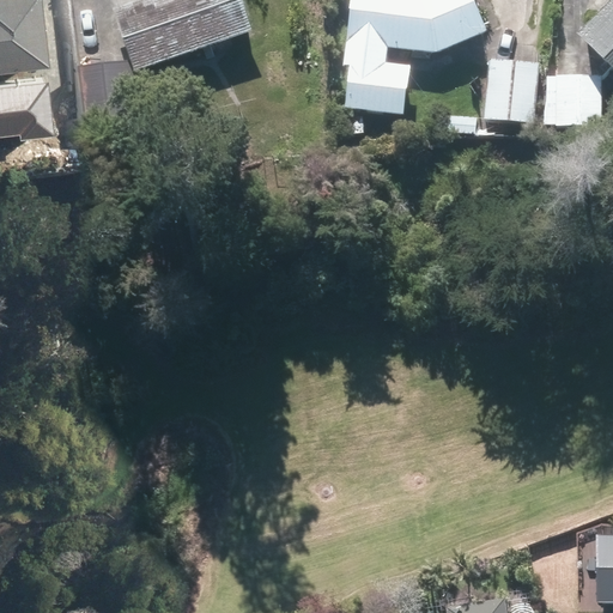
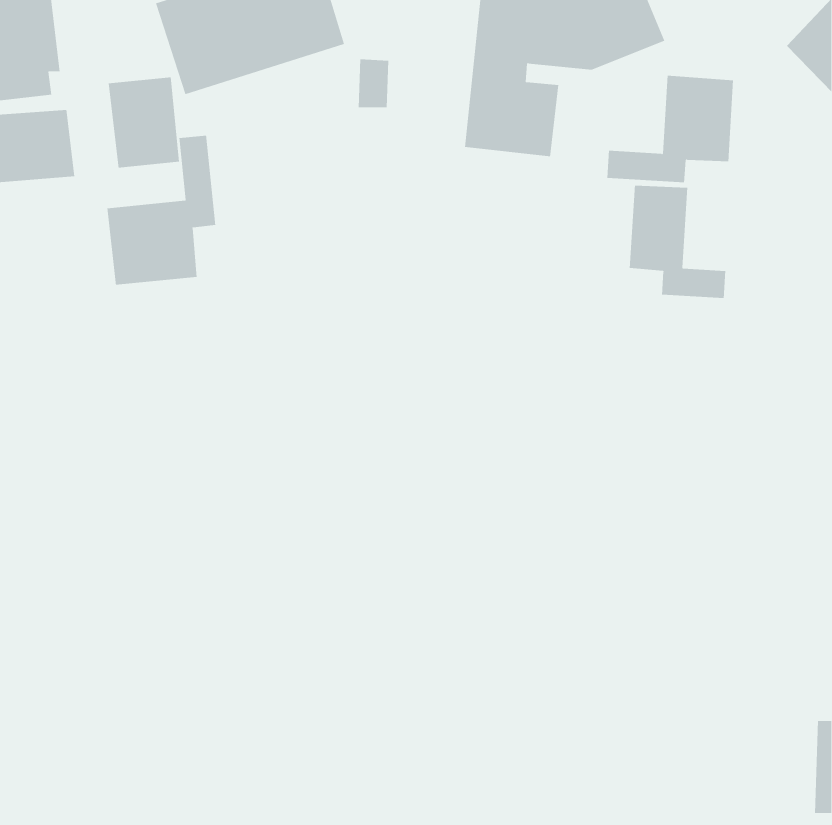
building: [553,71,601,123] -> none
building: none -> [107,135,216,285]
building: none -> [629,185,726,299]

